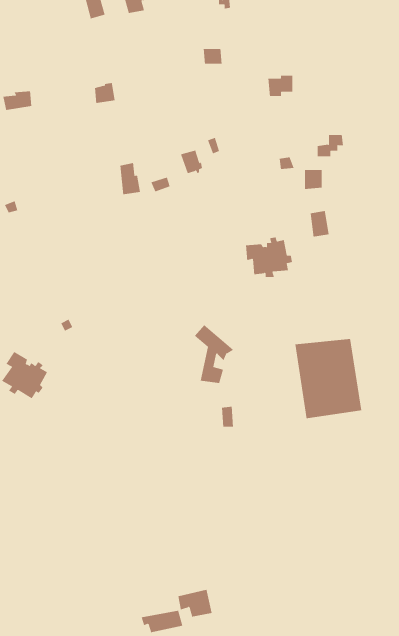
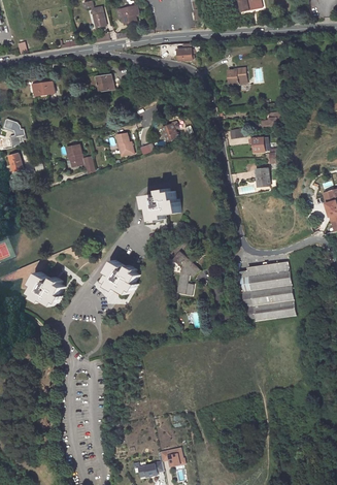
building: none -> [67,146,95,176]
building: [245,237,293,278] -> [145,189,180,219]
building: none -> [105,259,139,294]

